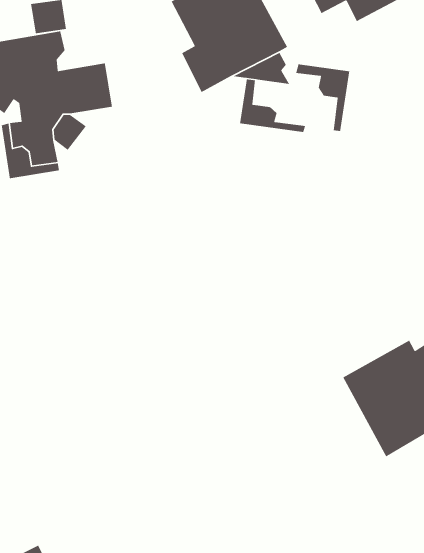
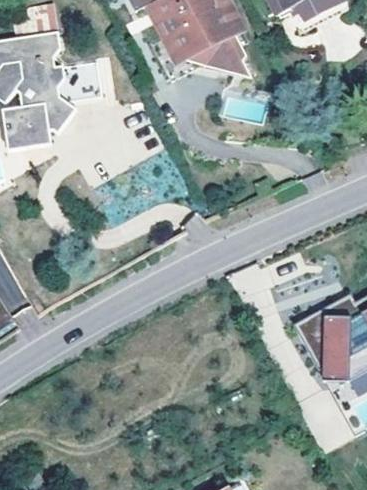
building: [295,63,350,132] -> none
building: [239,79,306,133] -> none

